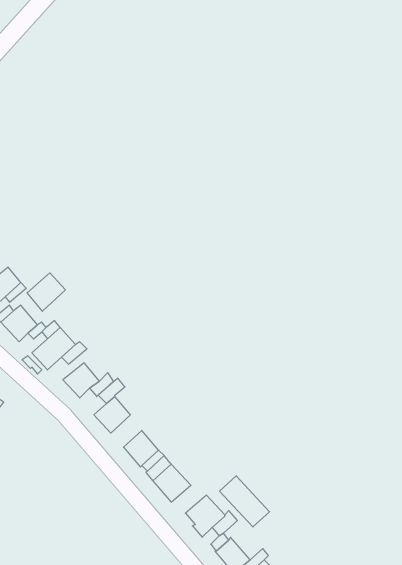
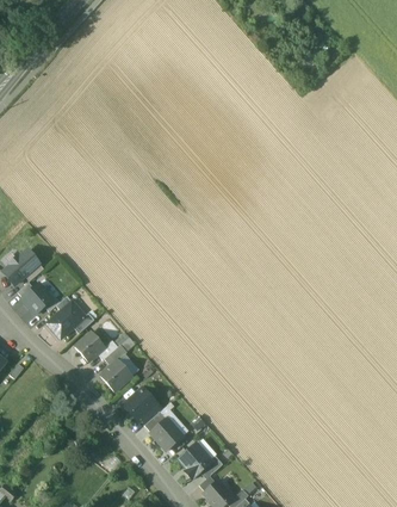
building: [27,273,65,311] -> none
building: [220,476,270,527] -> none

